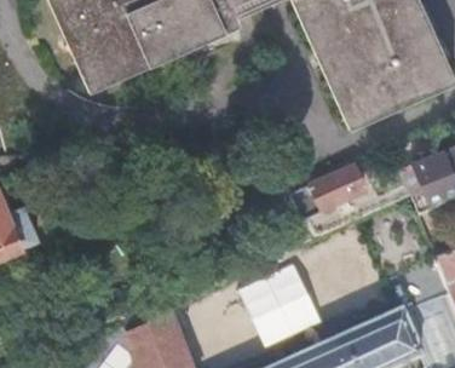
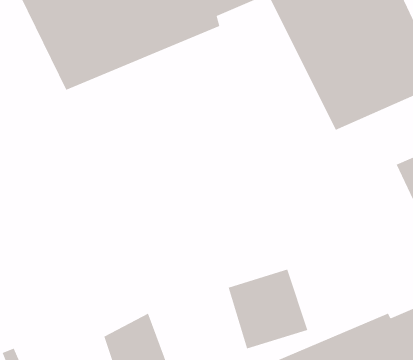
building: [311,162,365,206] -> none

